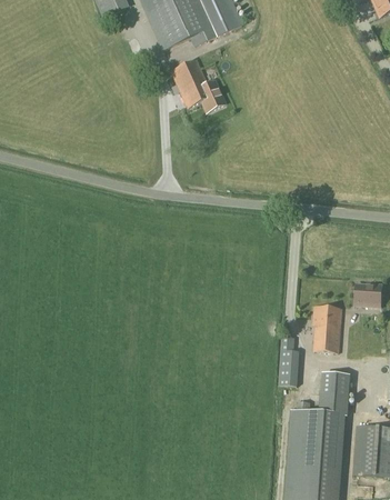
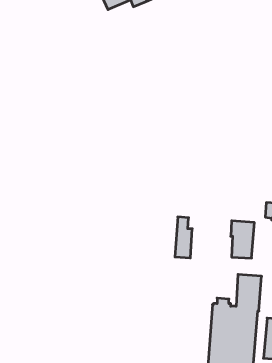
building: [170,60,223,112] -> none
building: [278,336,299,386] -> [175,217,192,258]

